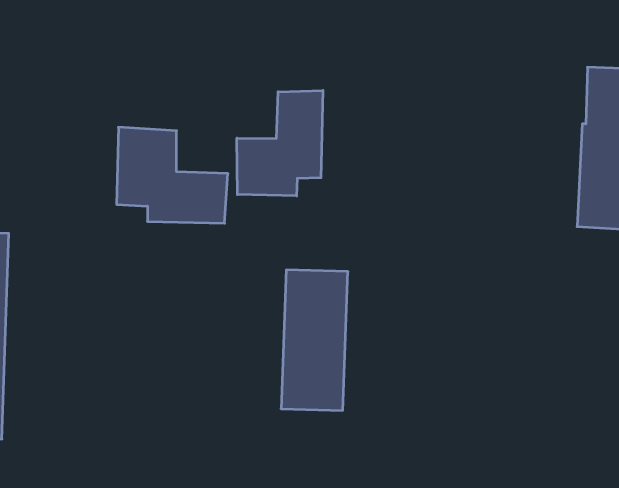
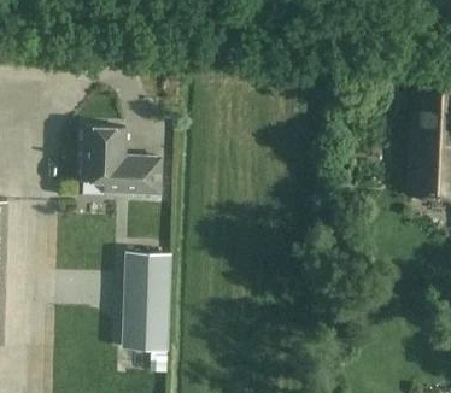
building: [237,90,323,196] -> none
building: [281,270,348,410] -> [123,252,170,351]

